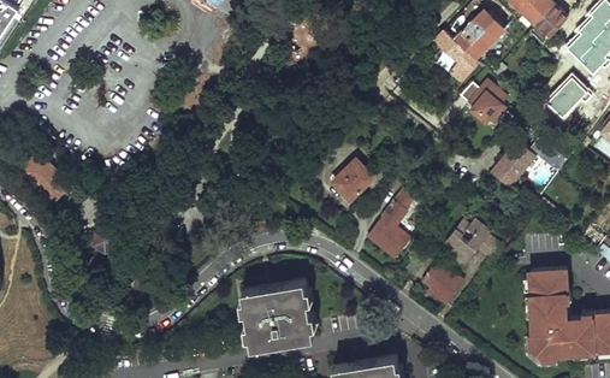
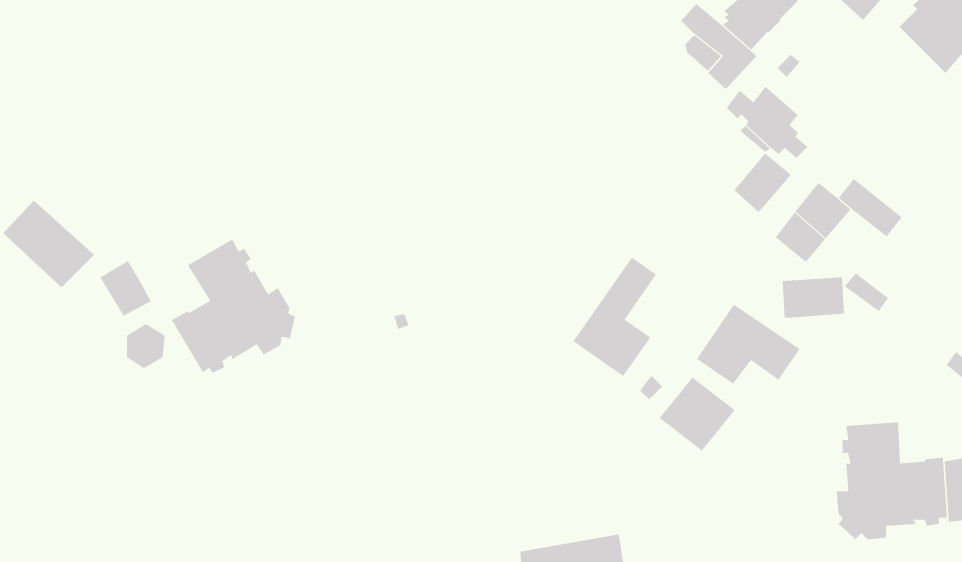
building: [543,73,592,120] -> none
building: none -> [734,153,791,213]
building: [328,155,377,203] -> none
building: none -> [171,238,295,374]
building: none -> [99,260,152,317]
building: [528,265,567,290] -> [782,277,845,318]
building: [242,279,312,344] -> none

